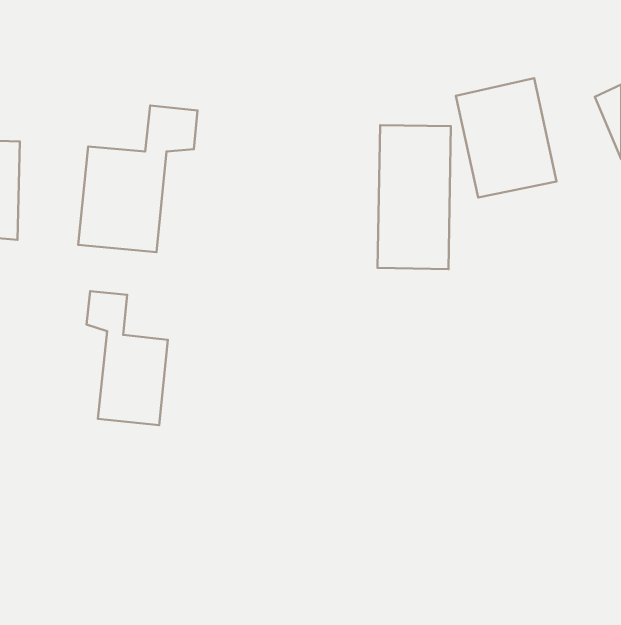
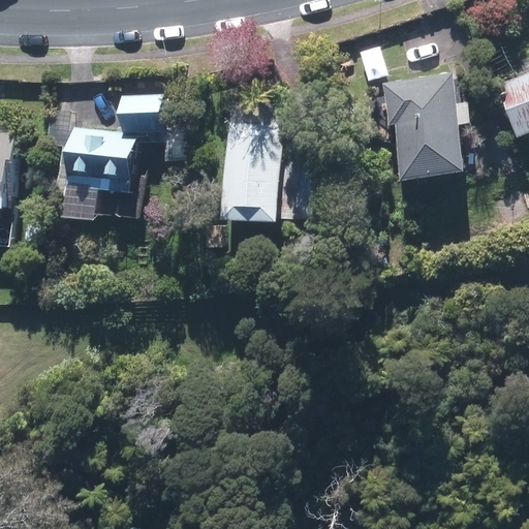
building: [378,125,451,269] -> [223,101,284,221]
building: [87,291,168,425] -> none

